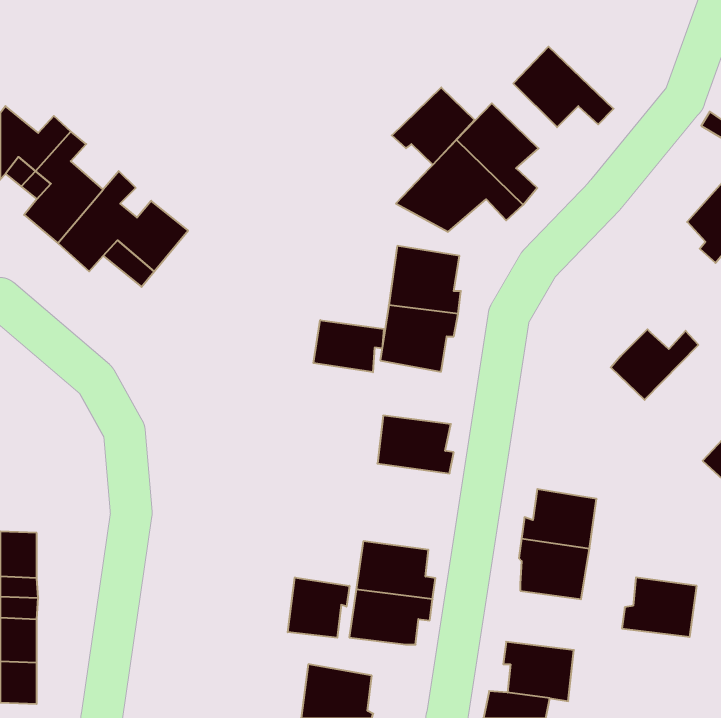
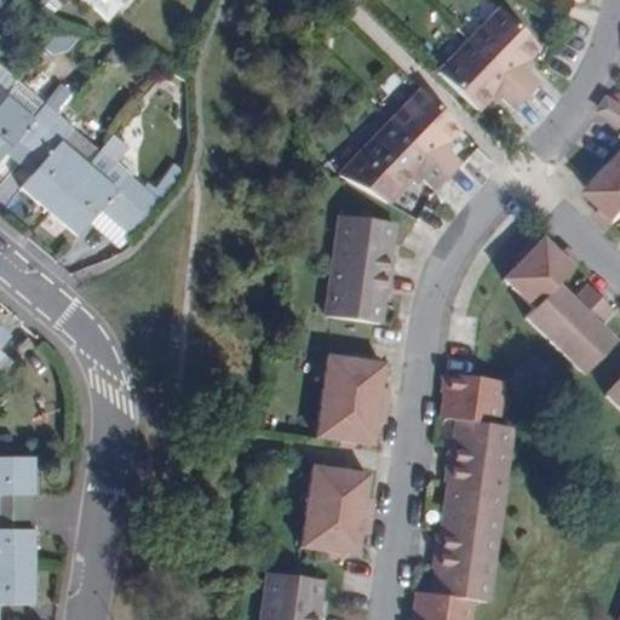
building: none -> [471,10,541,93]
building: [392,87,474,165] -> none
building: none -> [506,239,581,305]
building: [313,320,384,372] -> none
building: none -> [553,295,614,372]
building: none -> [441,372,504,425]
building: none -> [318,397,386,444]
building: [288,577,349,638] -> none
building: [622,577,697,637] -> [435,506,499,557]

